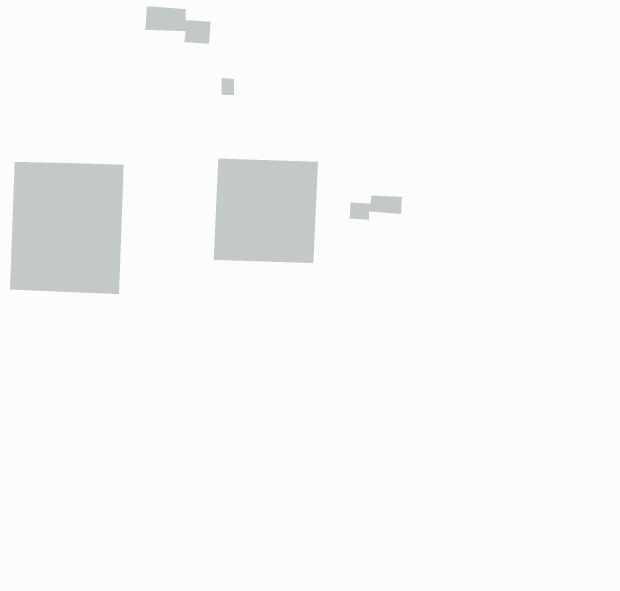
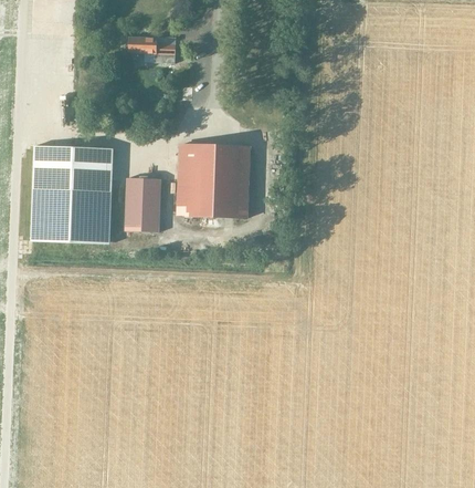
building: [349,195,403,221] -> none
building: none -> [124,177,161,232]

